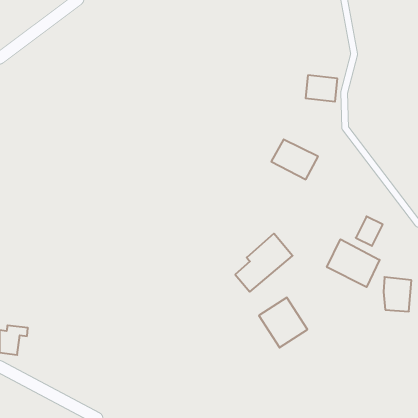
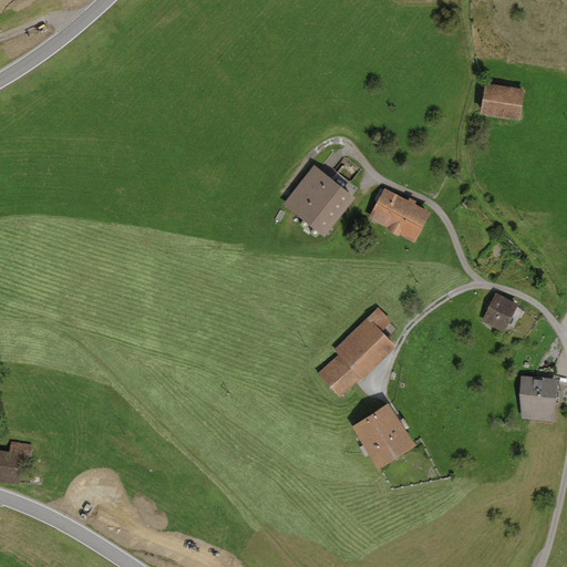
building: [306,75,337,102] -> [487,82,530,117]
building: none -> [282,165,353,236]
building: [327,239,380,287] -> none

